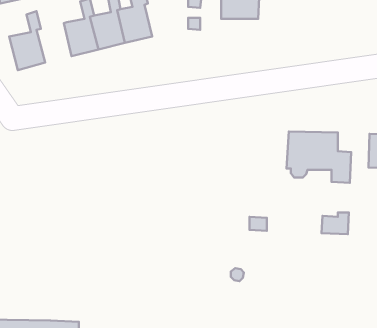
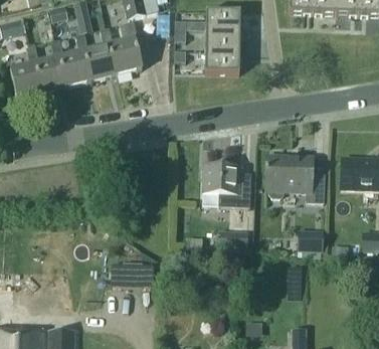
building: none -> [35,38,67,92]
building: none -> [205,51,239,72]
building: none -> [203,164,251,206]

